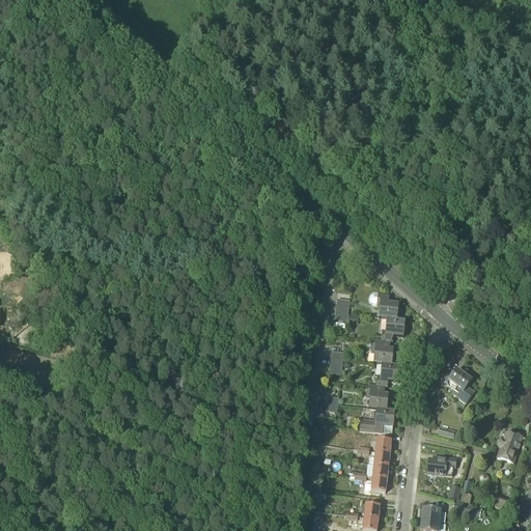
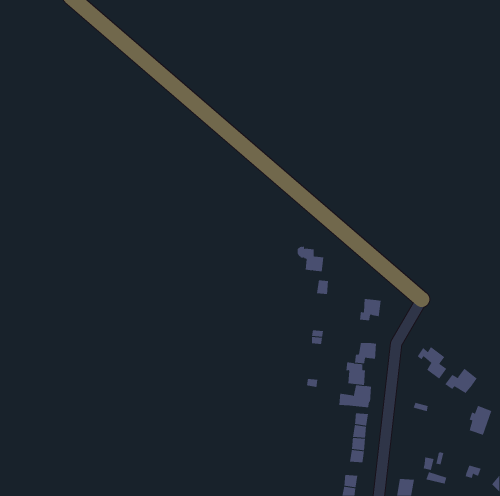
building: [369,290,398,317] -> [297,246,324,272]
building: [371,338,393,363] -> none
building: none -> [445,368,478,394]
building: [427,455,455,475] -> none

